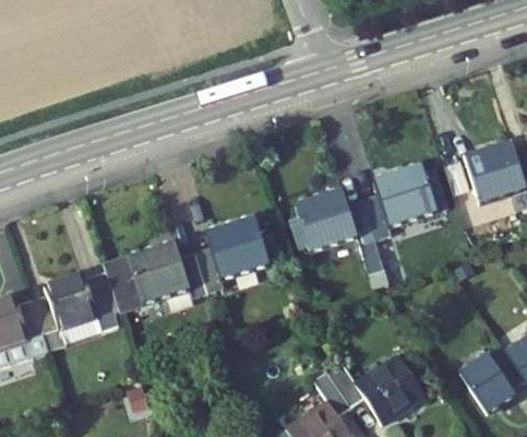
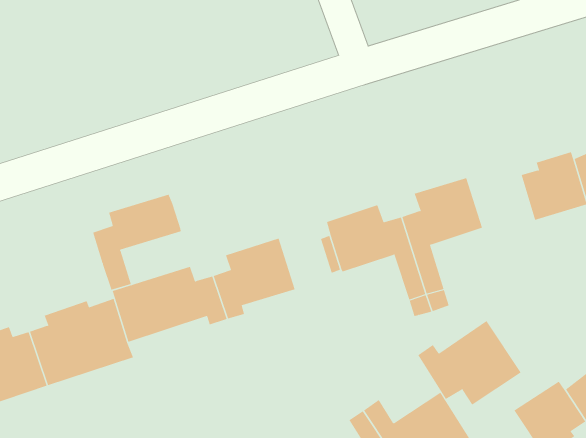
building: none -> [92,194,181,290]
building: none -> [418,320,522,405]

